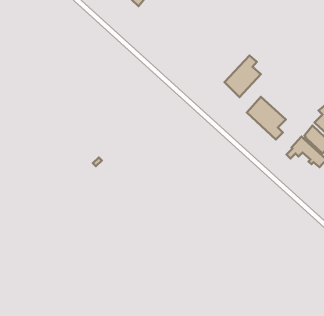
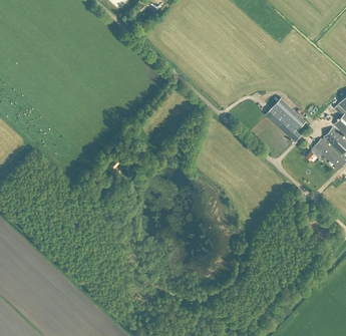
building: [224,56,261,97] -> none

